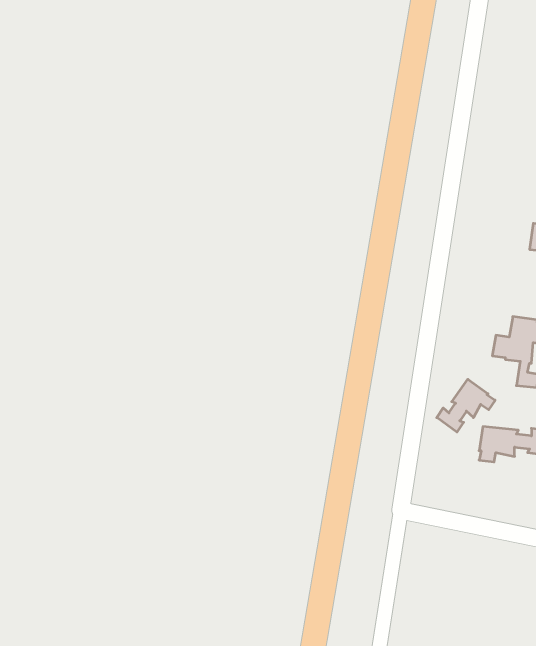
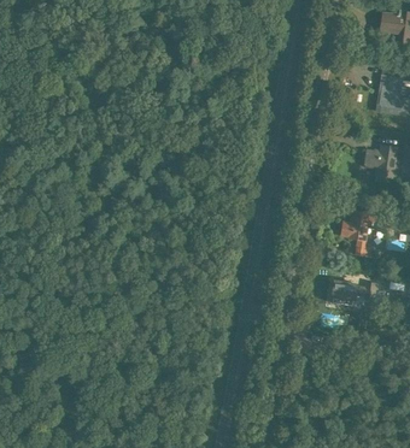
building: [437,379,495,432] -> none

